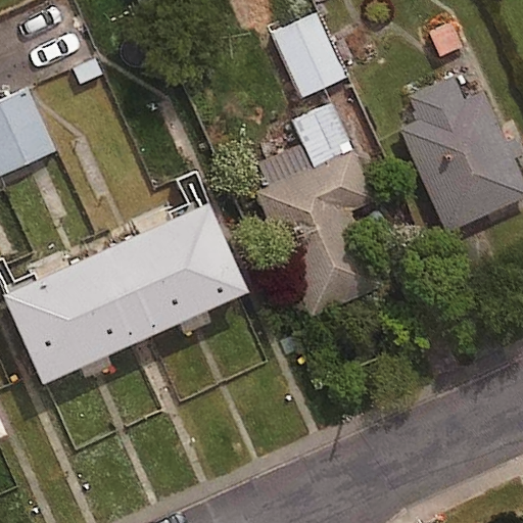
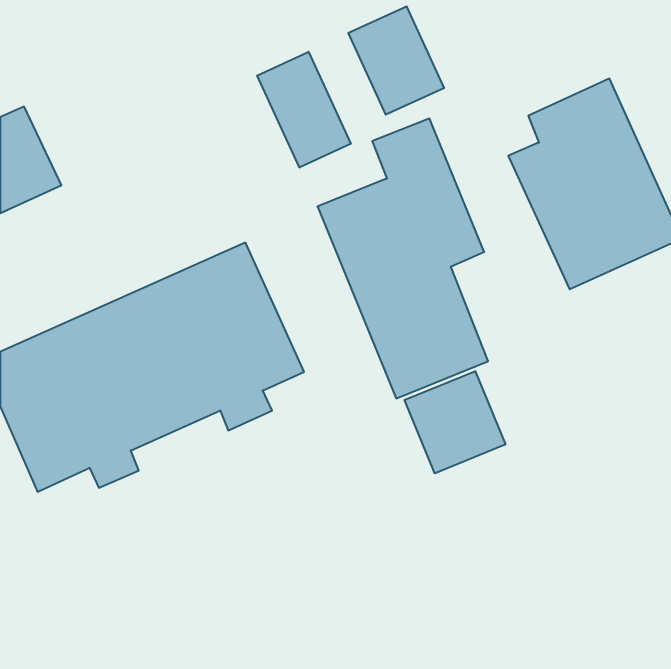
building: none -> [257,52,351,168]
building: none -> [404,371,505,473]

